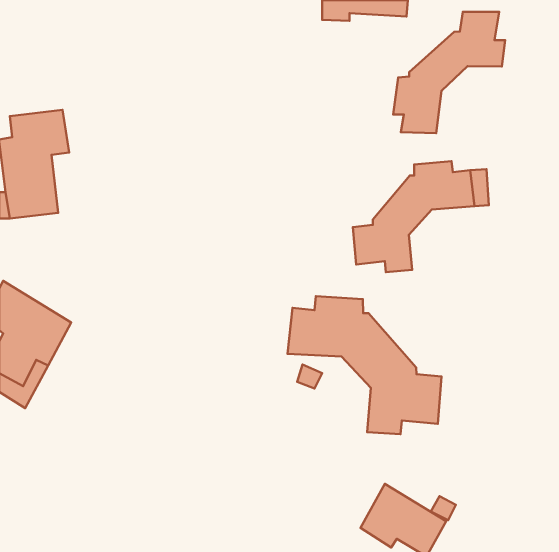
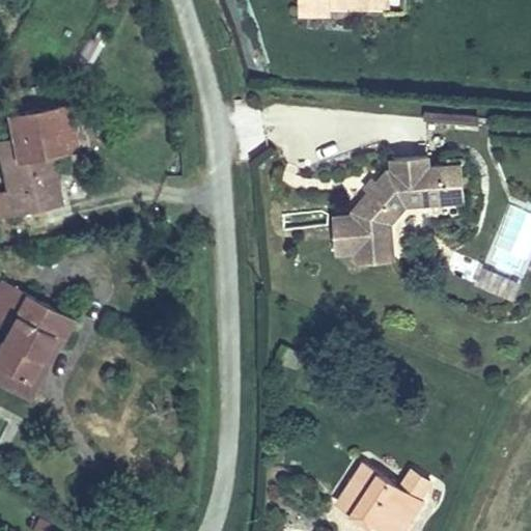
building: [393,12,505,133] -> none
building: [287,296,441,434] -> none

